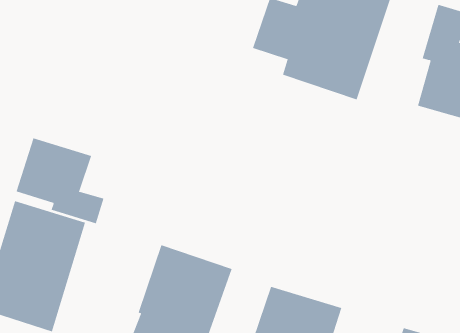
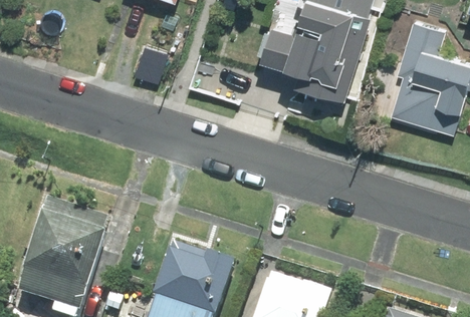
building: [16,138,104,224] -> none

